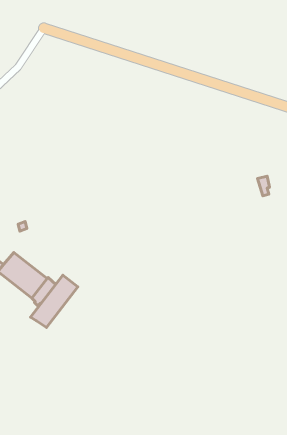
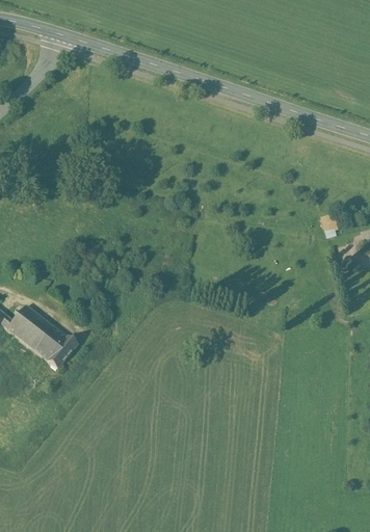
building: [31,275,78,327] -> none

